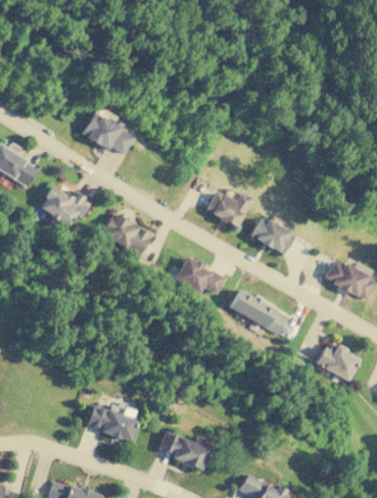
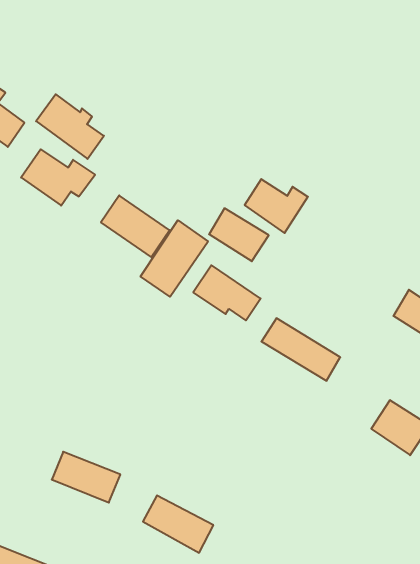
building: [83,111,134,156] -> [36,94,104,159]
building: [251,217,295,254] -> [209,208,269,261]
building: none -> [141,220,208,297]

